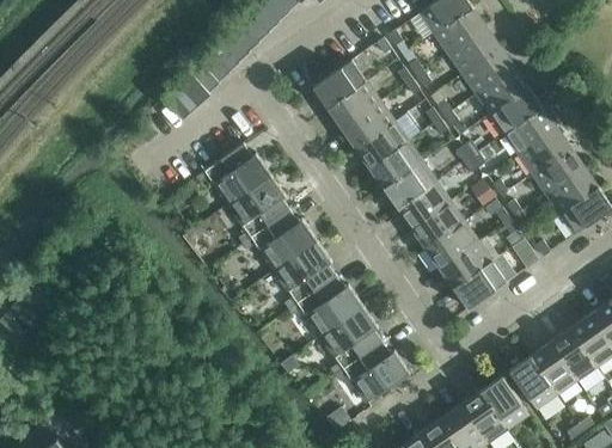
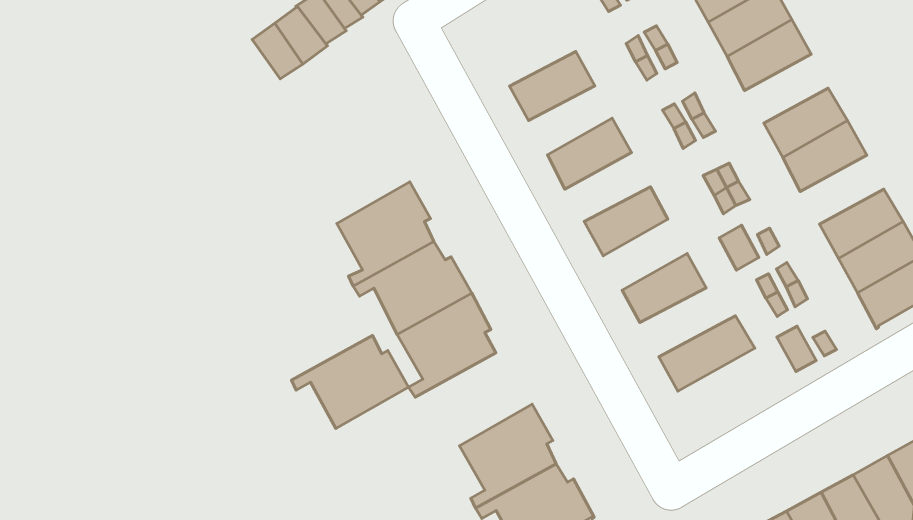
building: [312,60,366,108] -> none
building: [475,67,527,113] -> none
building: [341,102,393,148] -> none
building: [516,127,569,173] -> none
building: [368,141,422,188] -> none
building: [195,142,270,205] -> none
building: [397,180,449,228] -> none
building: [424,221,477,268] -> none
building: [453,253,515,309] -> none
building: [288,276,362,337] -> [292,336,409,429]

